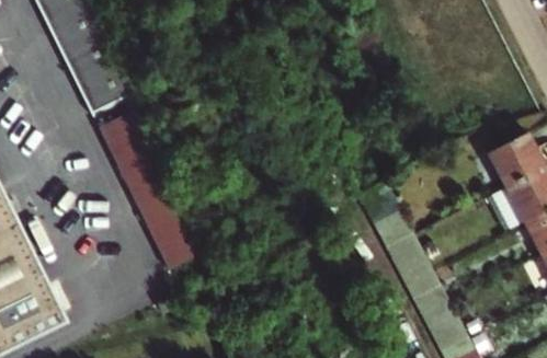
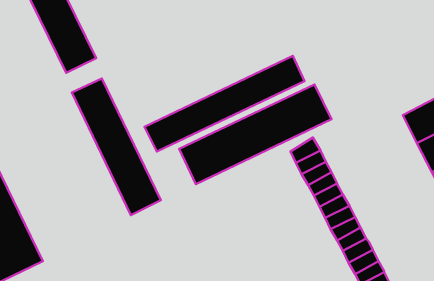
building: none -> [145,56,304,151]
building: none -> [179,84,332,184]

